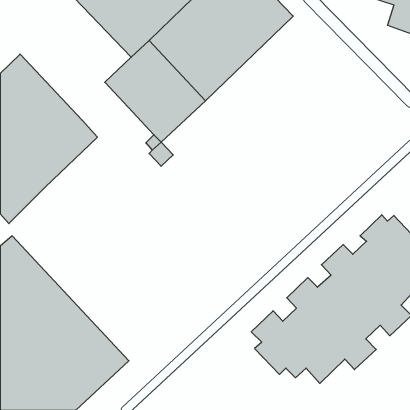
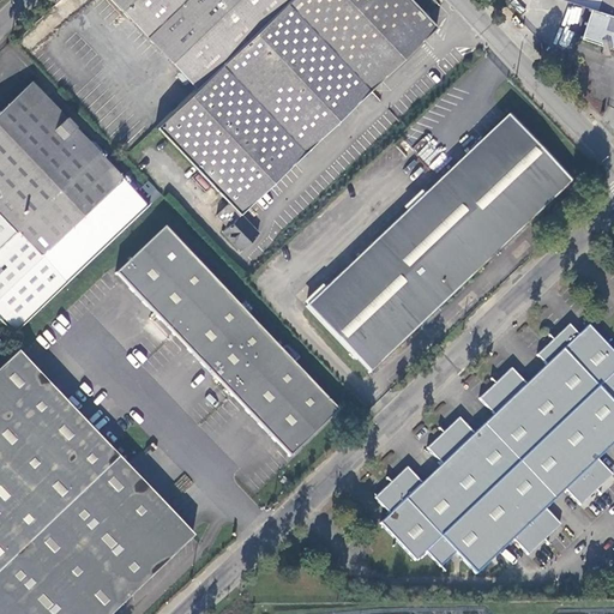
building: none -> [309,114,572,371]
building: none -> [116,227,339,456]

